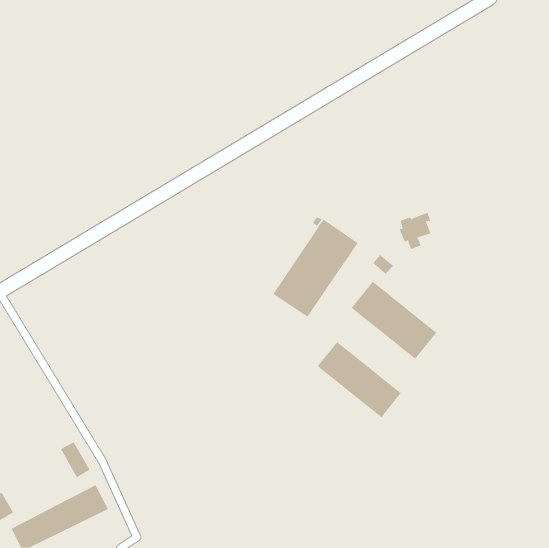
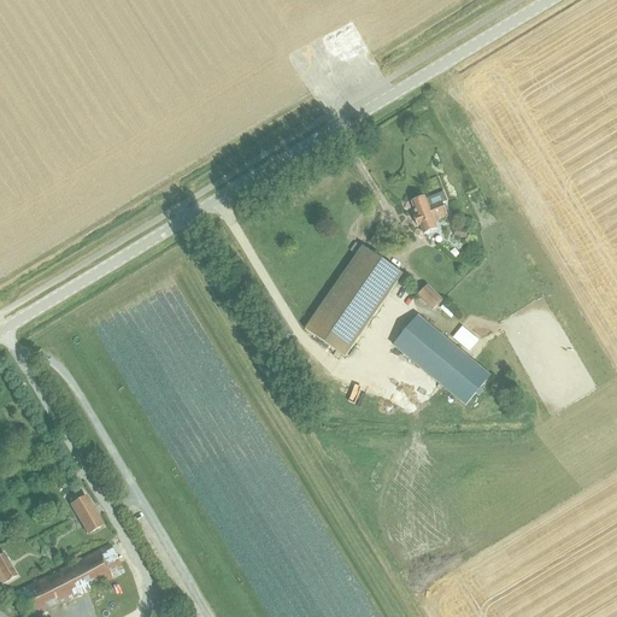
building: [399,212,431,250] -> [410,190,446,233]
building: [317,341,402,418] -> none

